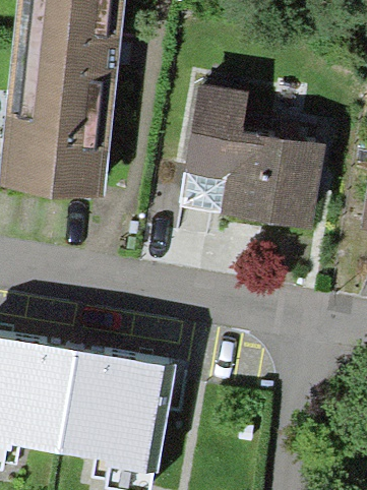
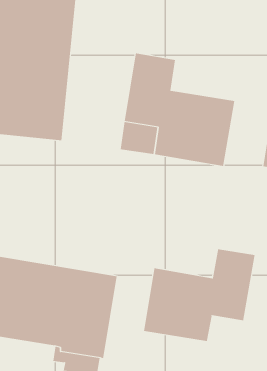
building: none -> [144,248,255,342]

